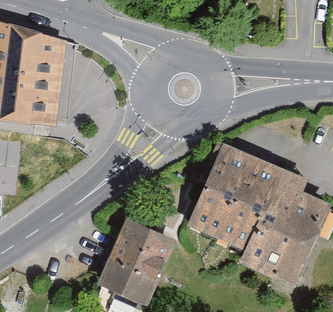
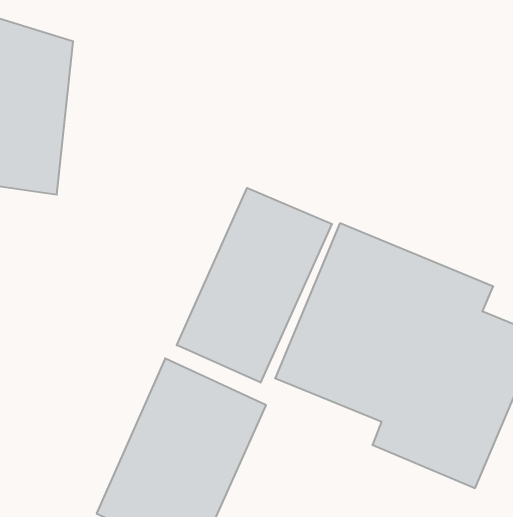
building: none -> [177,188,332,383]

